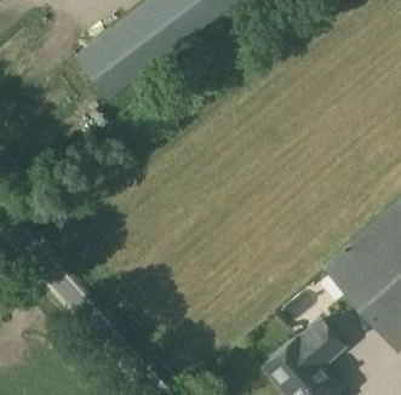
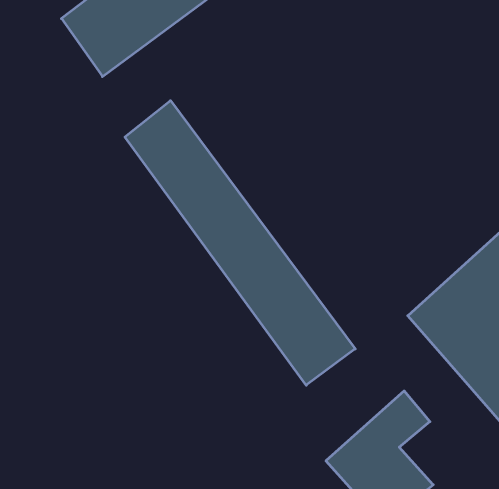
building: none -> [125,101,355,385]

